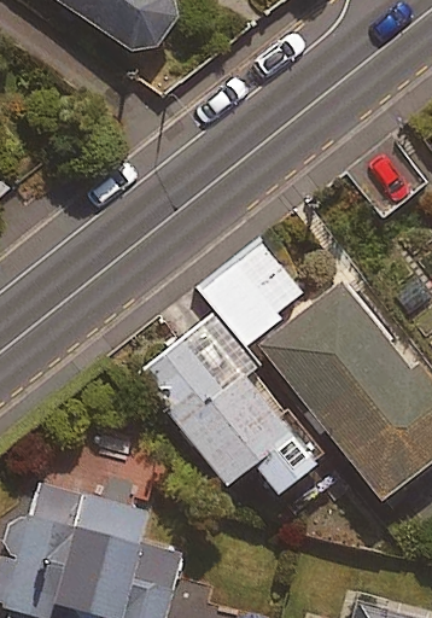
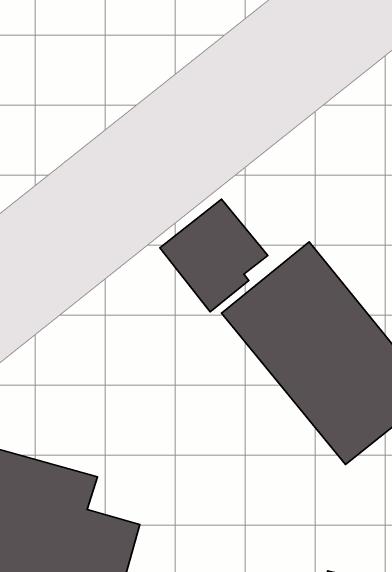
building: [139,322,314,491] -> none

